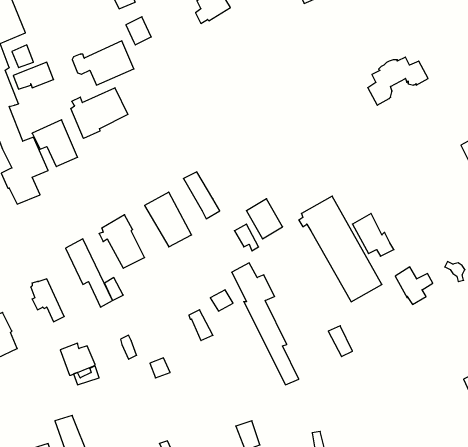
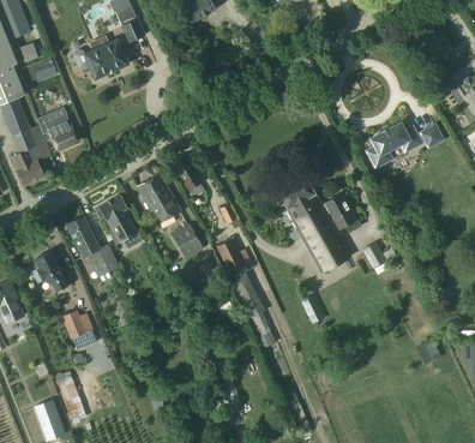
building: [368,57,428,105] -> [367,124,421,167]
building: [71,88,128,138] -> none
building: [246,199,283,239] -> [172,222,204,258]

